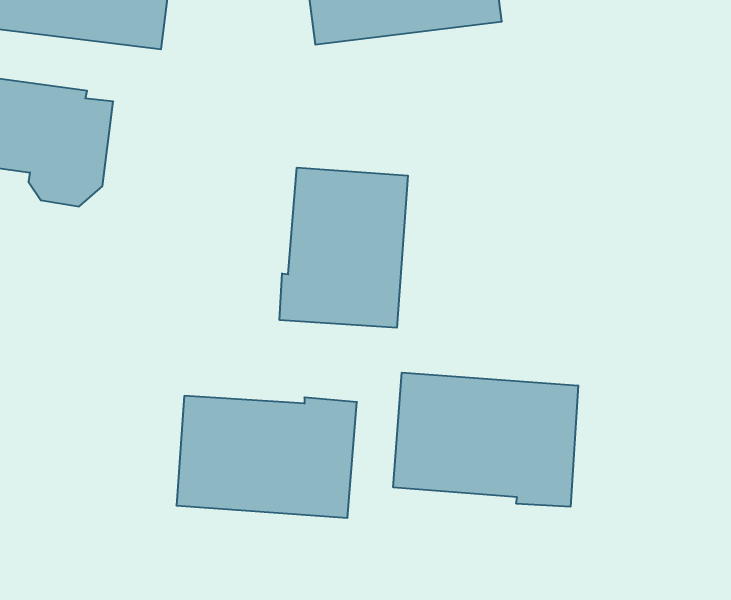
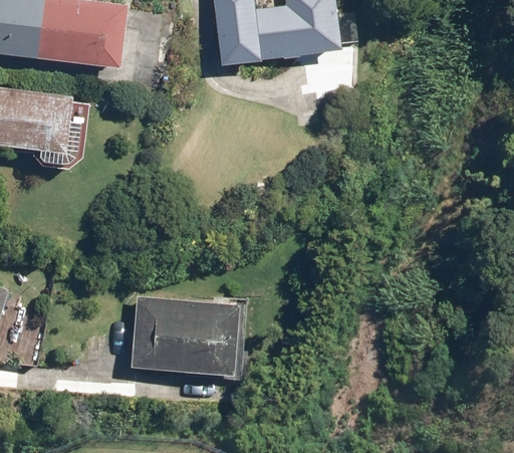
building: [280,168,408,328] -> none
building: [393,373,578,507] -> none

